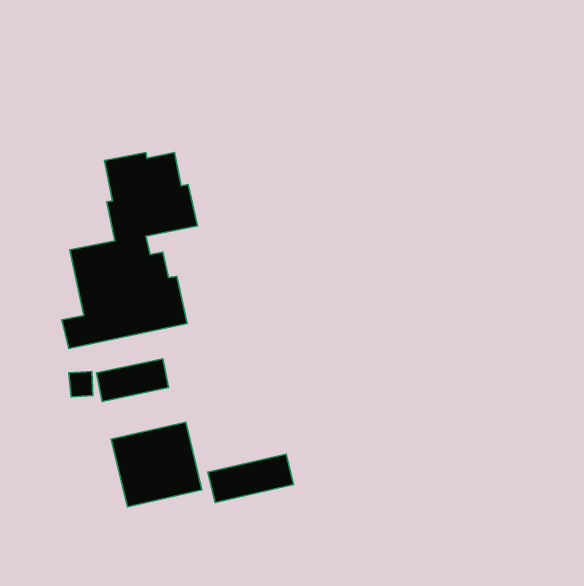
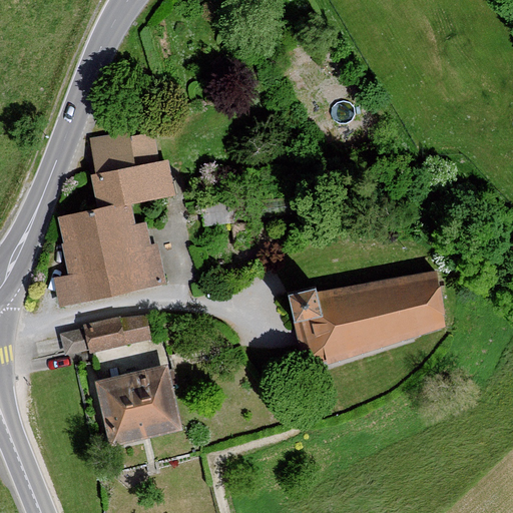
building: none -> [288,275,441,367]
building: [208,454,294,503] -> none

